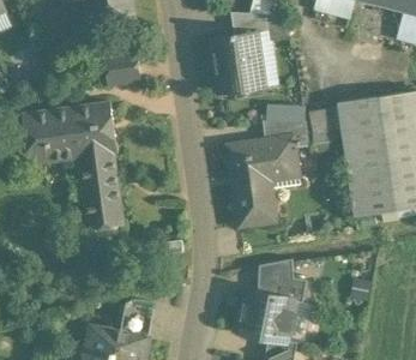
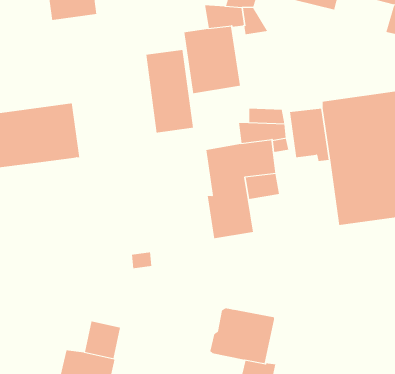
building: [103,49,140,85] -> none
building: [78,152,122,229] -> [145,49,194,133]
building: [257,259,306,302] -> none

